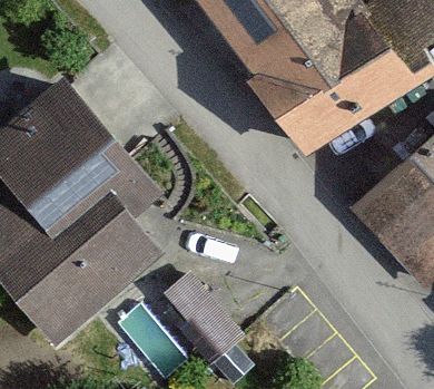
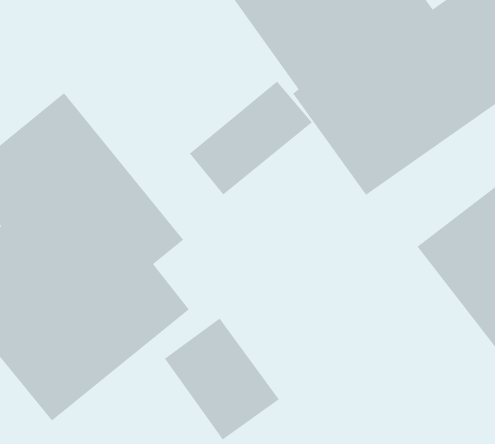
building: none -> [189,80,313,195]

